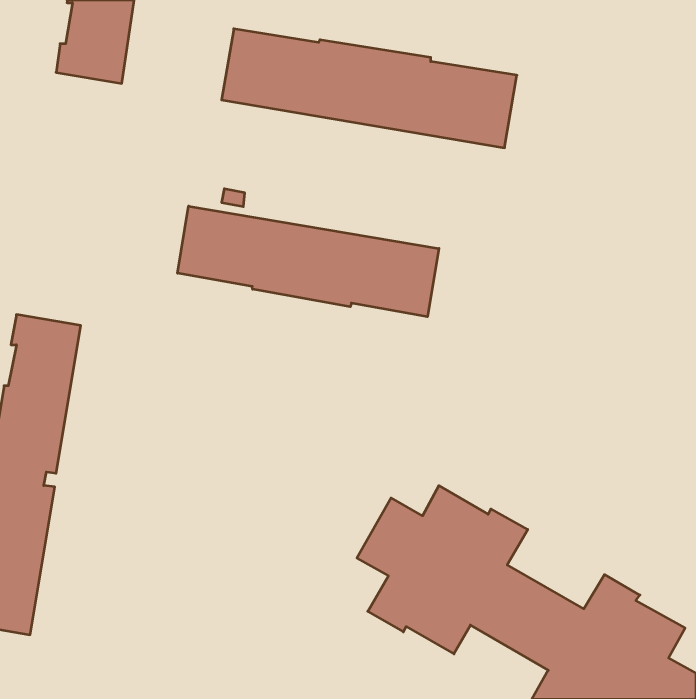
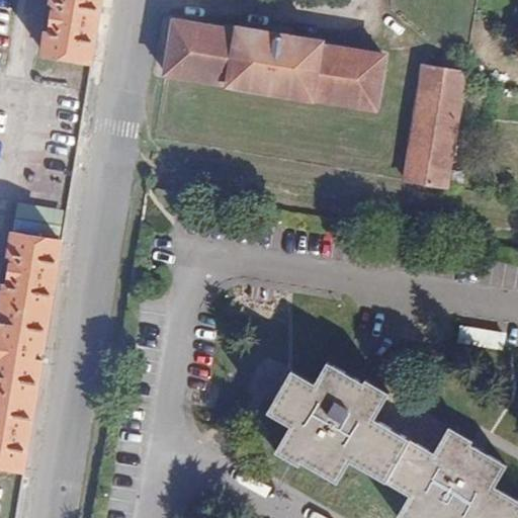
building: none -> [404,66,463,187]
building: [178,206,439,317] -> none

